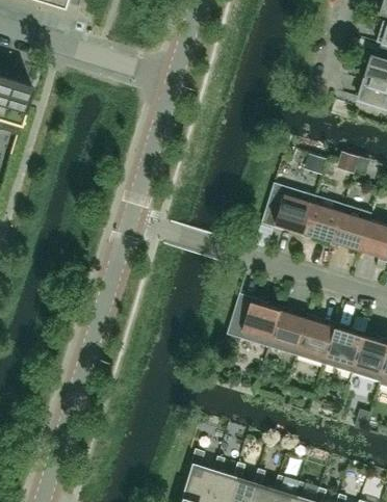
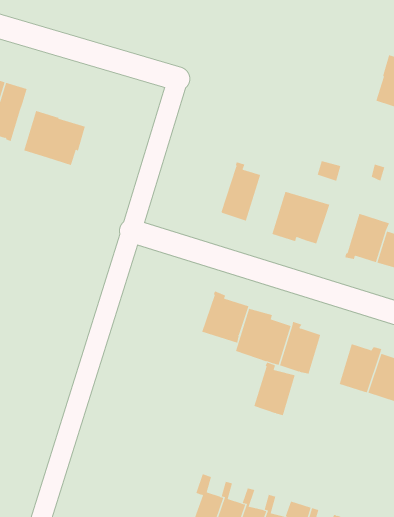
building: none -> [23,110,85,166]
building: none -> [221,162,261,221]
building: [304,195,344,241] -> none
building: none -> [201,291,249,344]
building: [298,314,337,365] -> [254,362,296,416]

